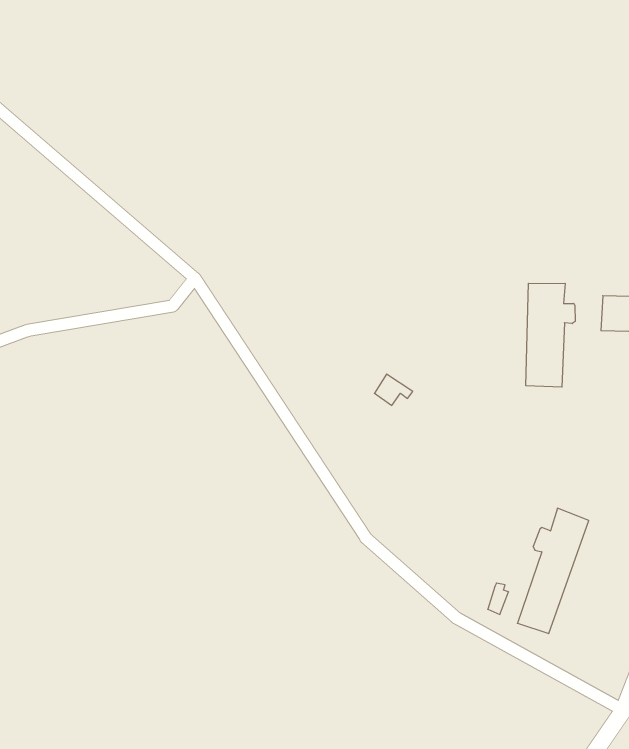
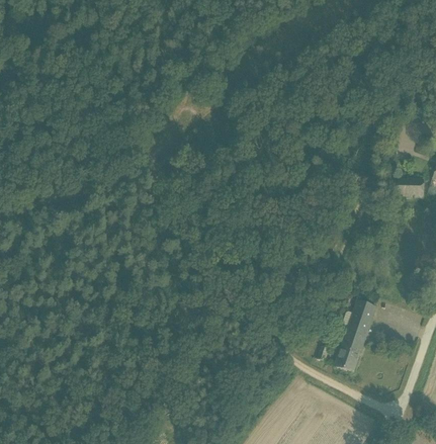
building: [526,283,575,387] -> none

